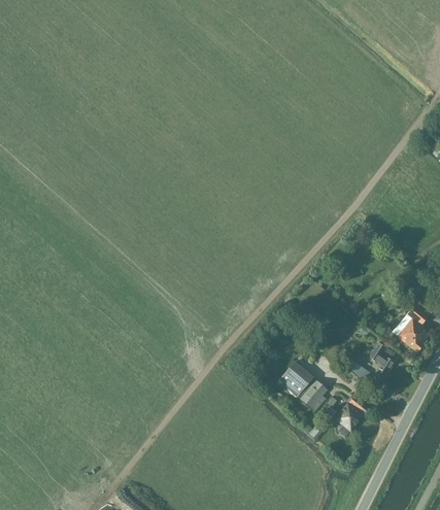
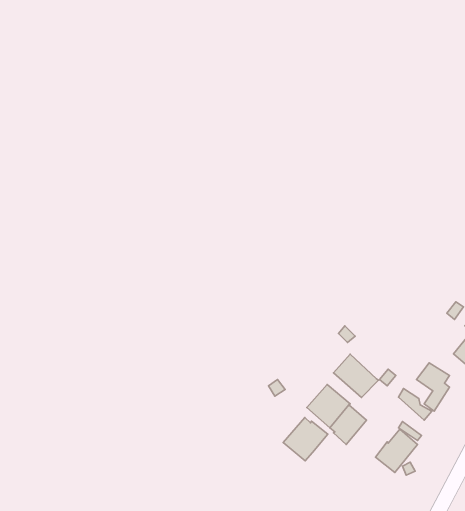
building: none -> [334,354,378,398]
building: none -> [283,417,328,461]

